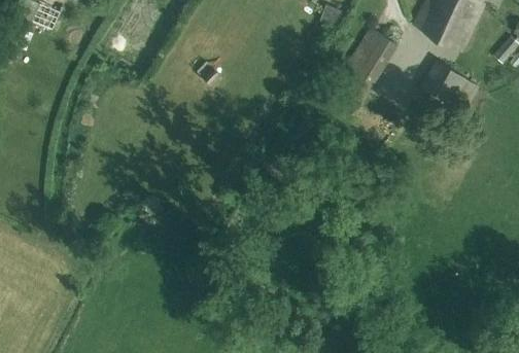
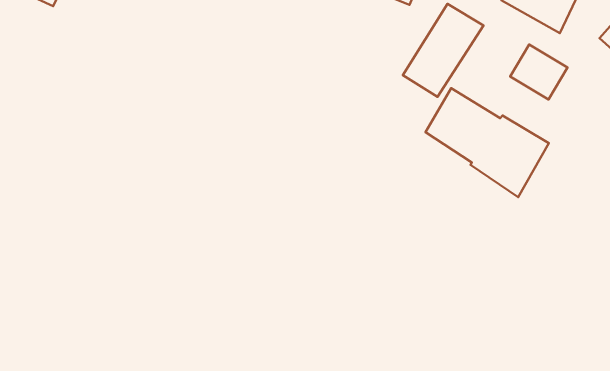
building: none -> [426,88,549,197]

